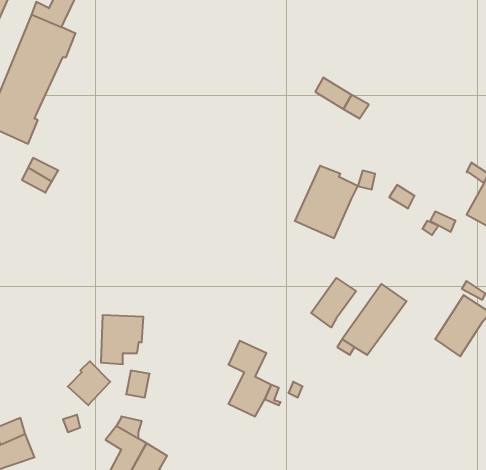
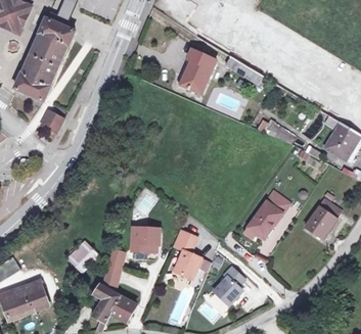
building: [295,166,358,238] -> [175,47,216,94]
building: [311,278,356,327] -> none
building: [101,315,143,364] -> [131,226,159,257]
building: none -> [214,265,245,303]

